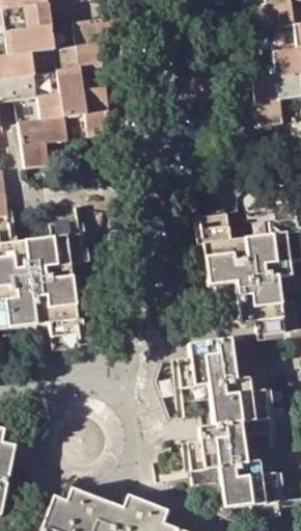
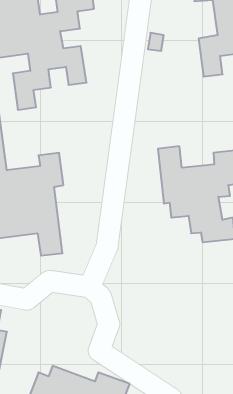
building: [179,337,281,516] -> none

